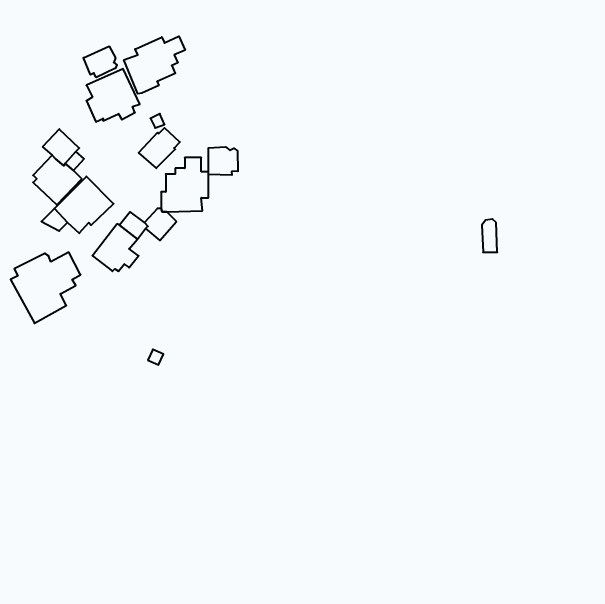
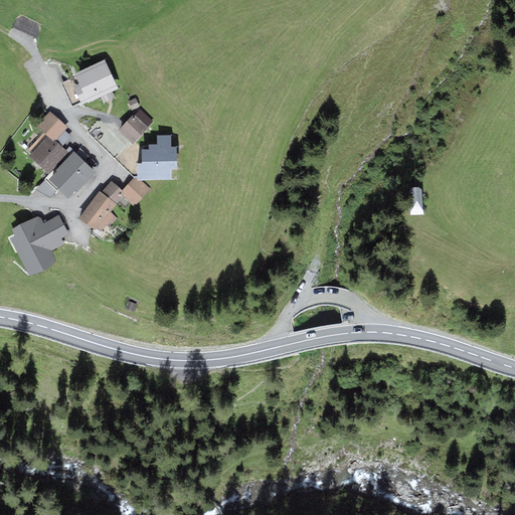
building: [124,36,185,94] -> none
building: [83,46,117,77] -> none
building: [208,147,238,175] -> none

